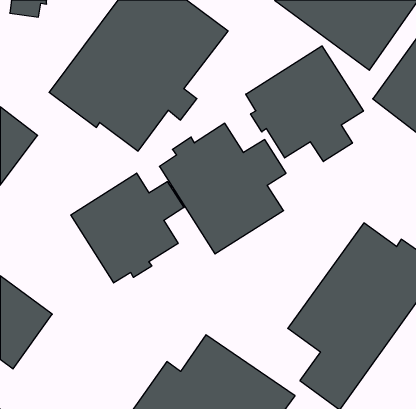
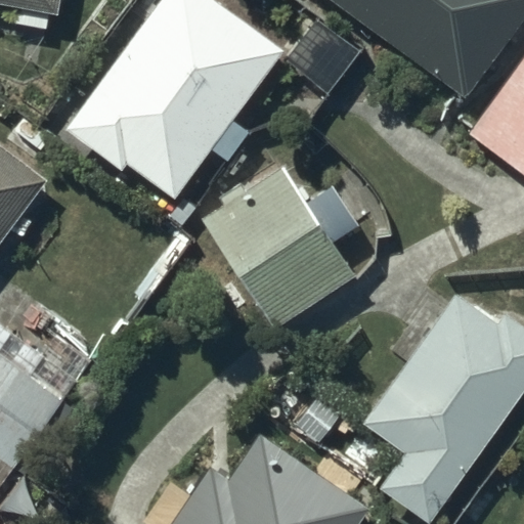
building: [246,46,363,162] -> none
building: [71,173,184,283] -> none

